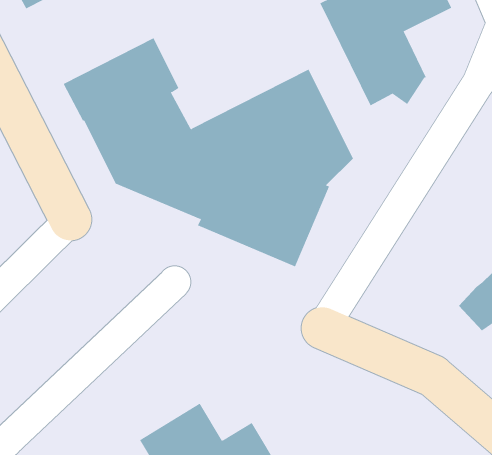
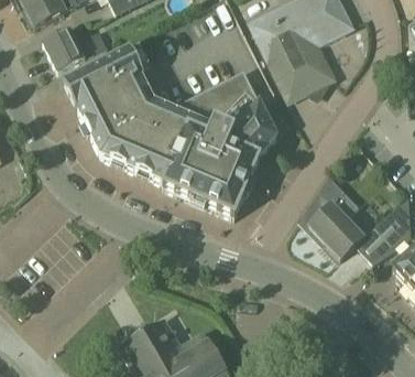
building: none -> [43,24,94,73]
building: none -> [301,175,368,258]

